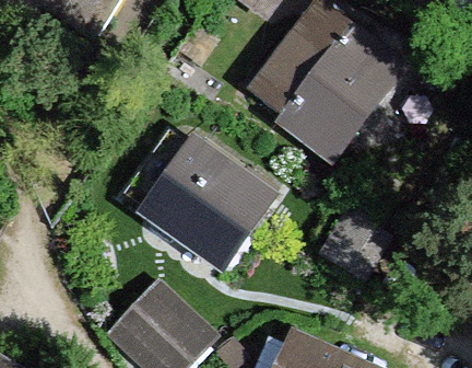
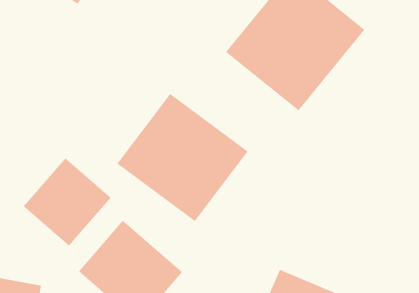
building: none -> [23,158,112,246]

